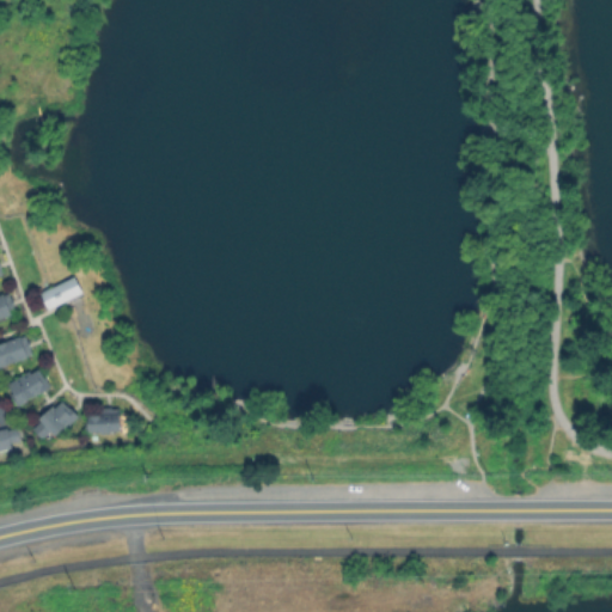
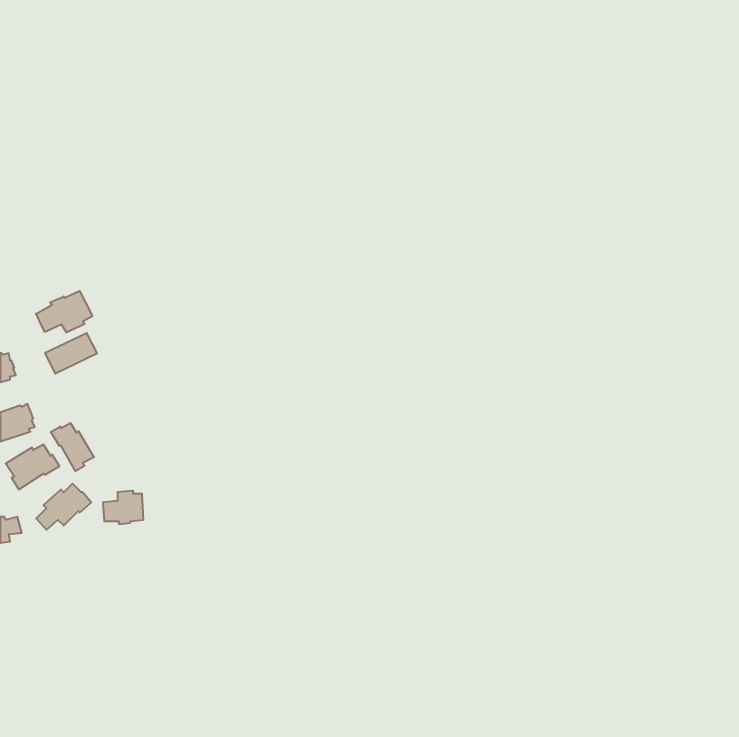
building: none -> [36,291,92,333]
building: none -> [51,423,94,471]

